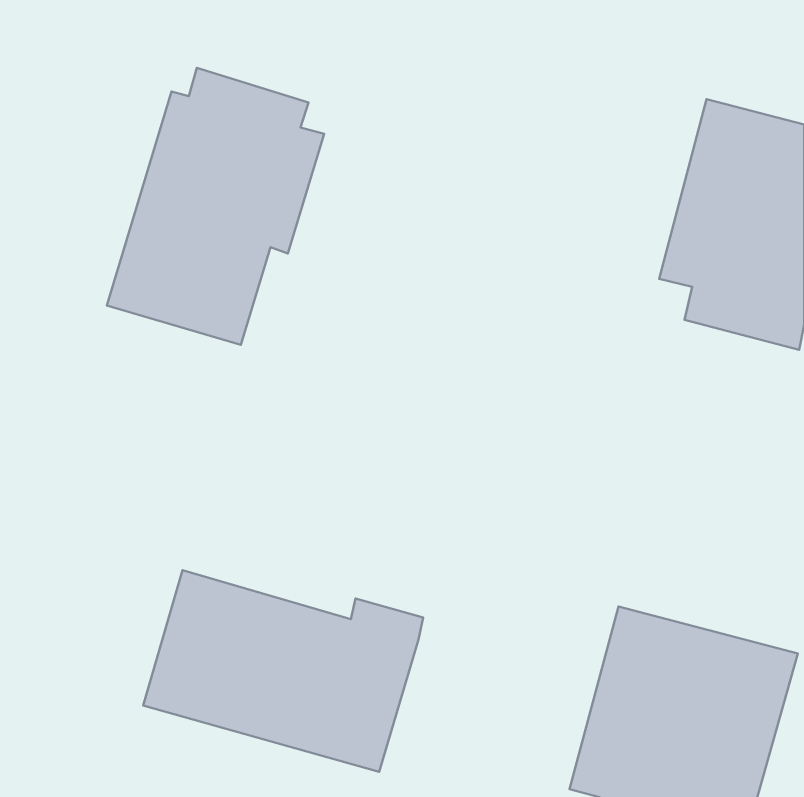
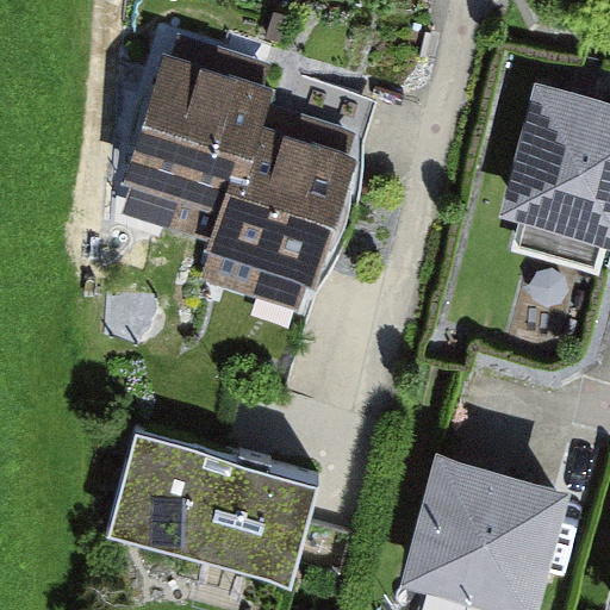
building: none -> [204,74,368,282]

